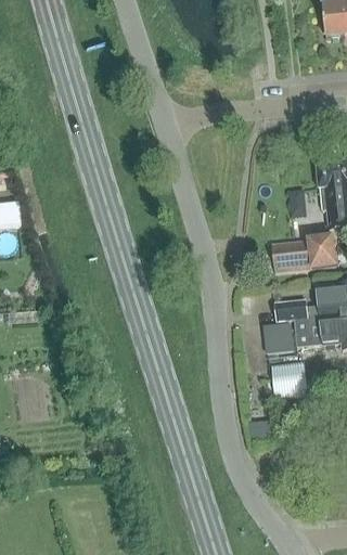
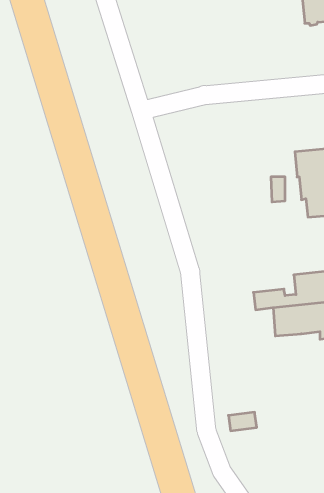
building: [272,236,336,271] -> none
building: [265,321,295,352] -> none
building: [271,359,303,397] -> none

